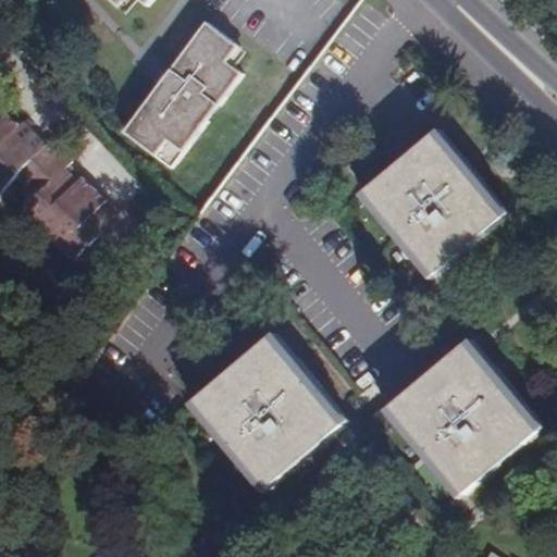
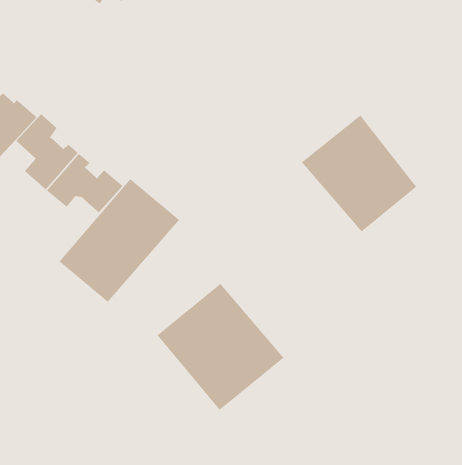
building: [123,21,240,164] -> none
building: none -> [59,178,180,303]
building: [386,346,533,497] -> none

